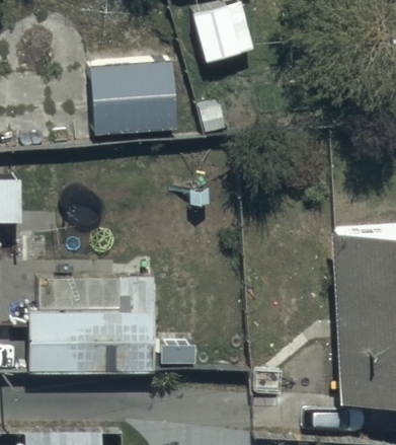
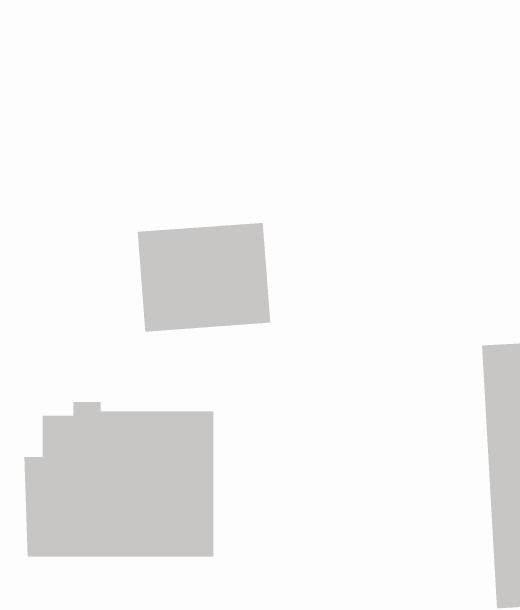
building: [88,62,177,135] -> [137,222,271,332]

